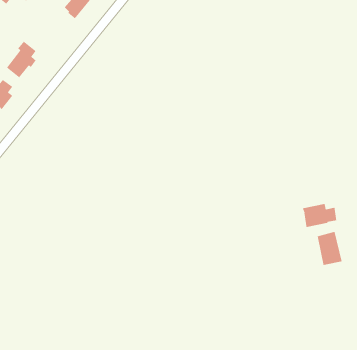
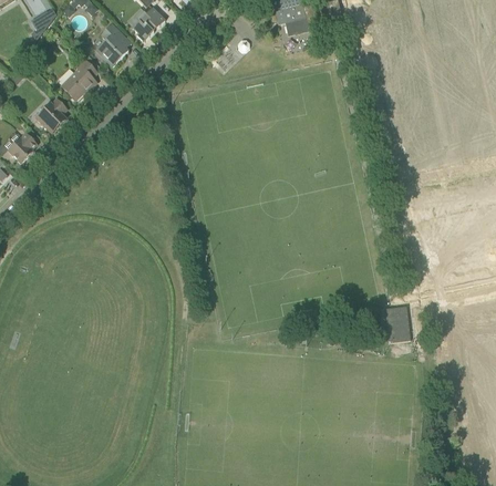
building: none -> [95,22,127,65]
building: [302,203,337,228] -> none

